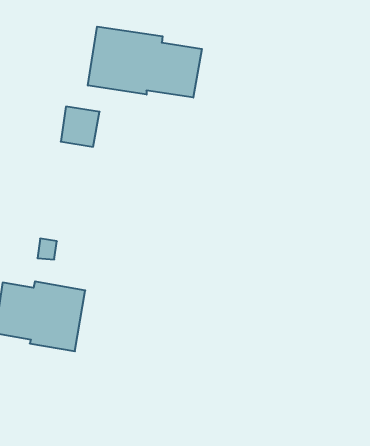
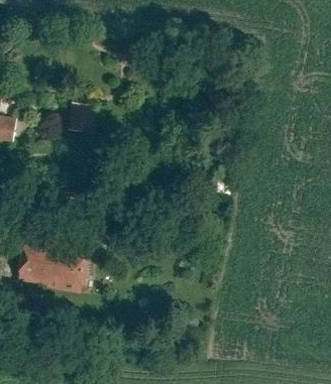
building: [88,27,202,98] -> none

